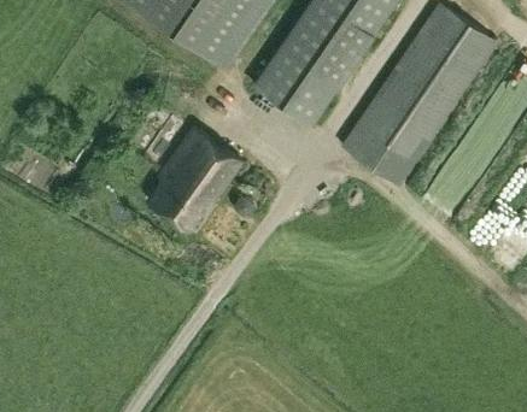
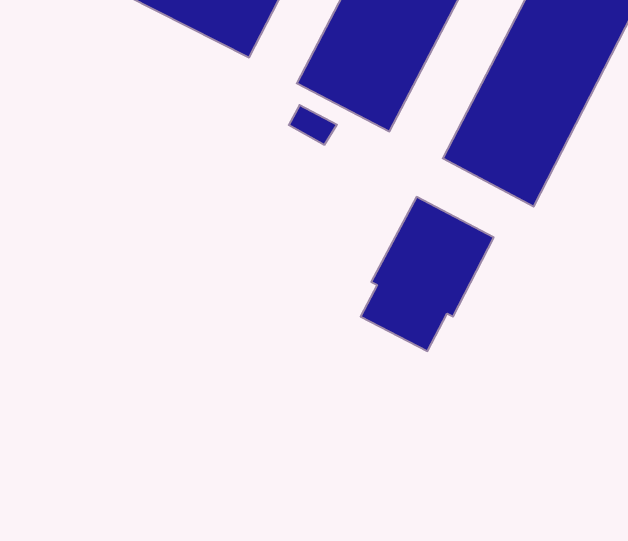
building: [147,126,240,228] -> [361,197,494,351]

